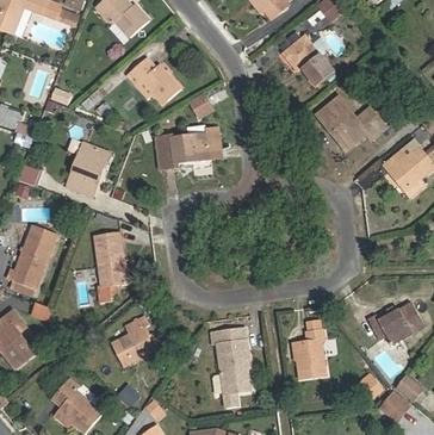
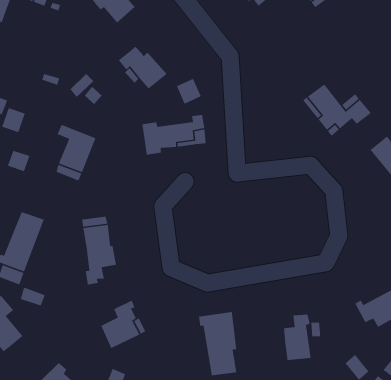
building: [283,35,334,85] -> none

